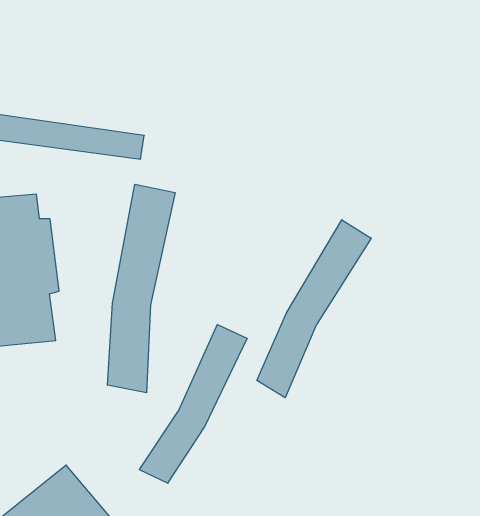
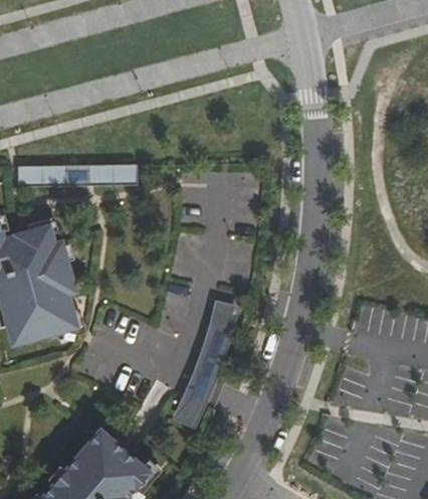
building: [108,184,175,393] -> none
building: [257,220,371,398] -> none

